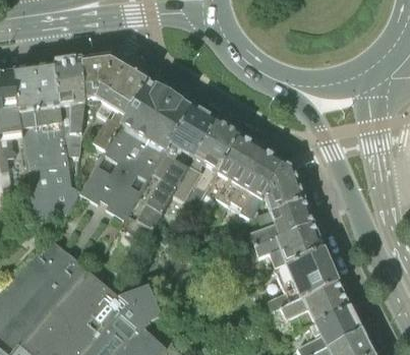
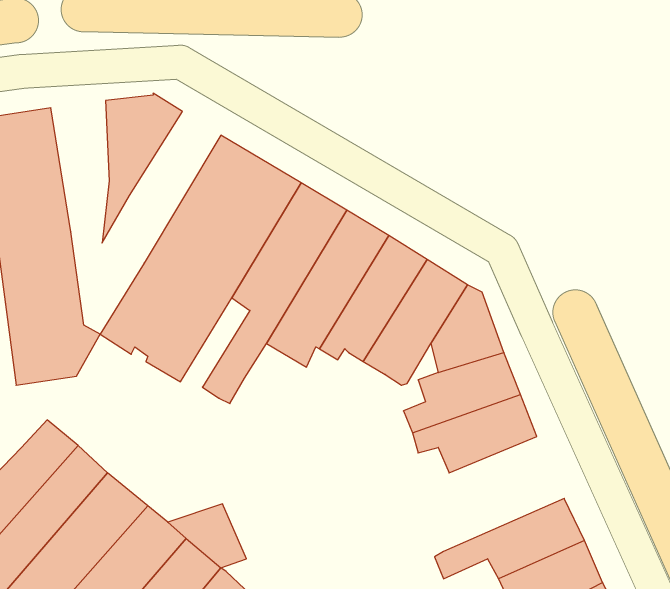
building: [53,58,85,153] -> none
building: [93,64,148,149] -> none
building: [267,245,339,309] -> none

